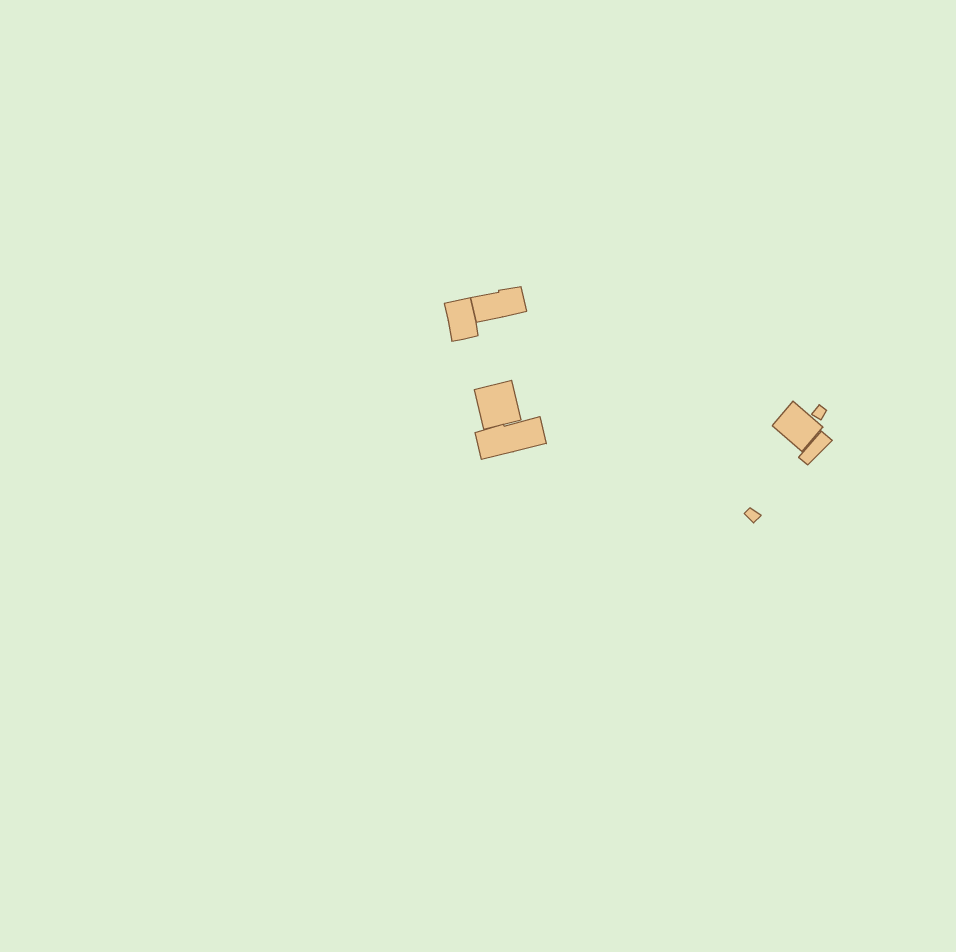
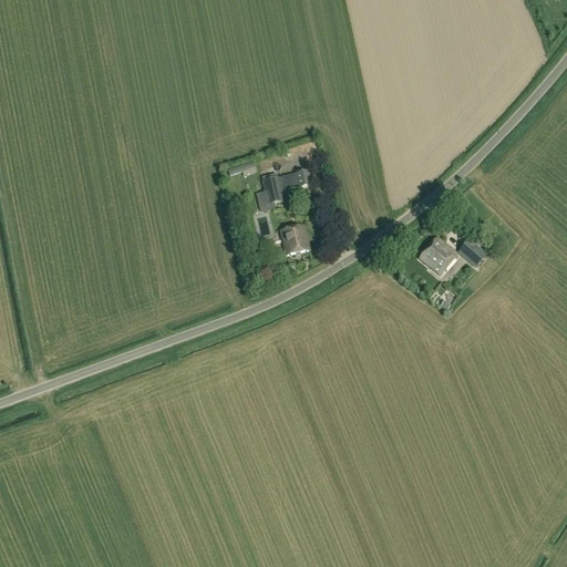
building: none -> [420,237,456,276]
building: [475,417,546,459] -> none

